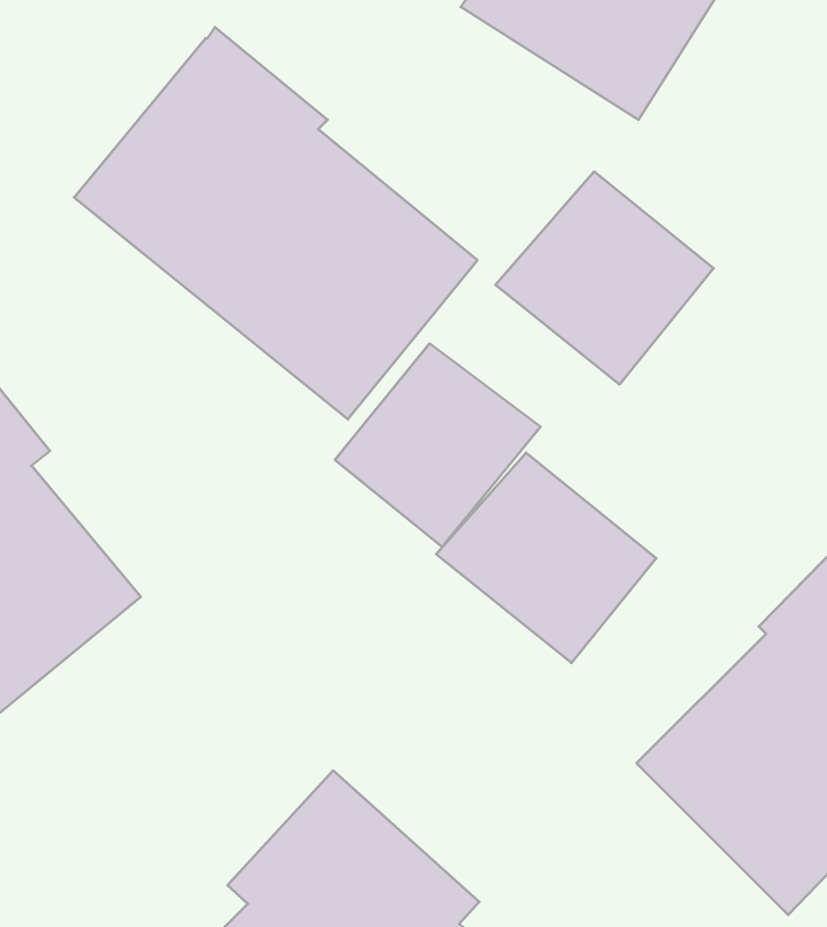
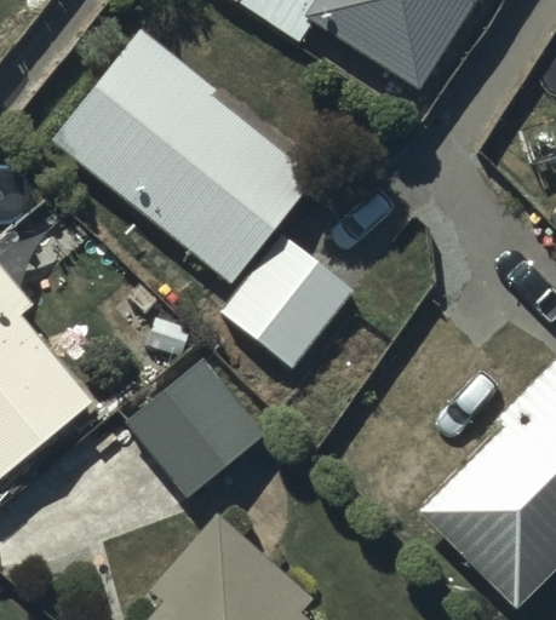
building: [496,172,714,384] -> none
building: [436,453,656,663] -> none
building: none -> [124,358,264,498]

